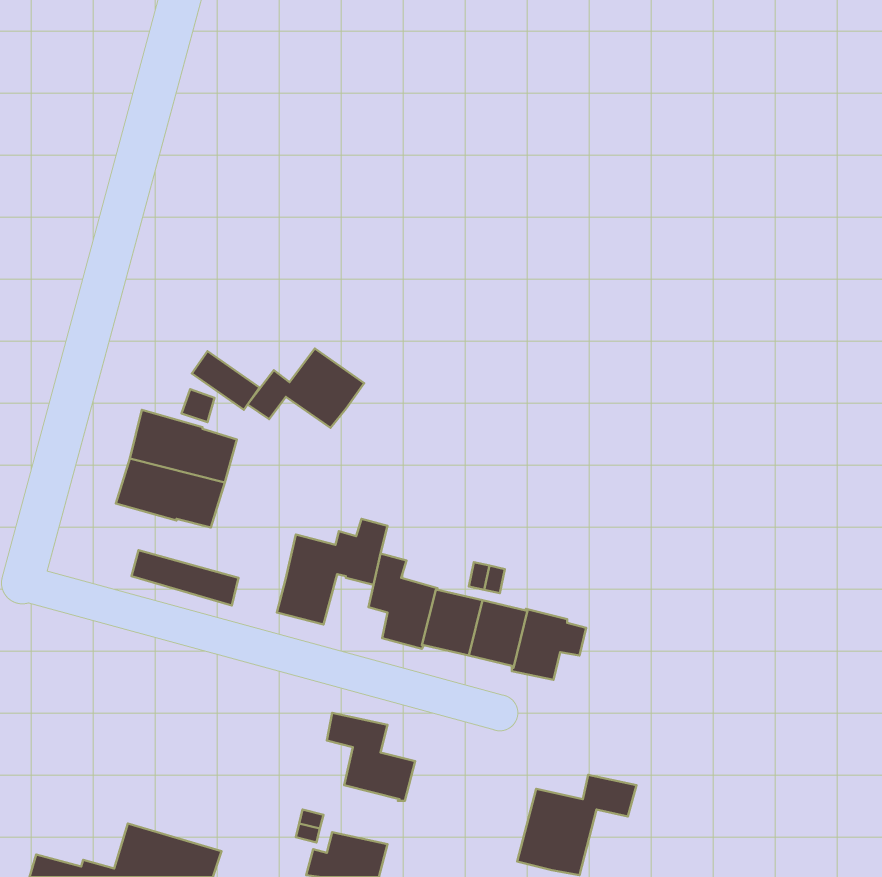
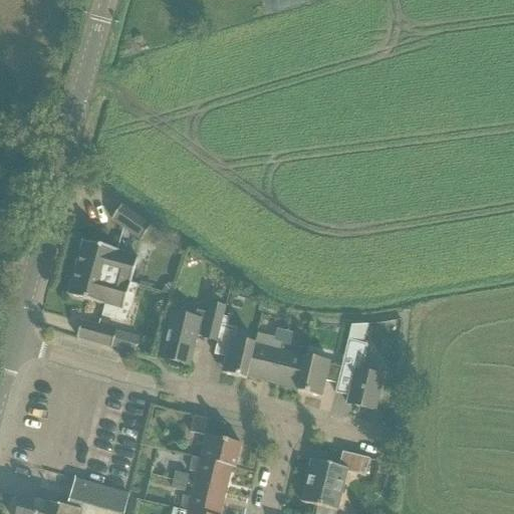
building: [248,349,364,428] -> none
building: none -> [335,322,383,408]
building: none -> [189,454,233,490]

